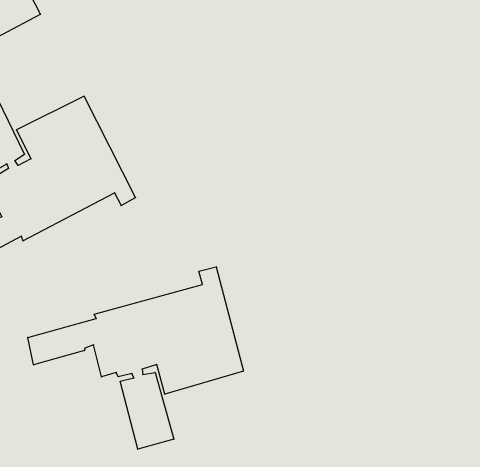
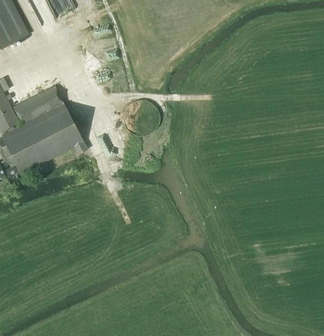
building: [28,267,243,449] -> none

